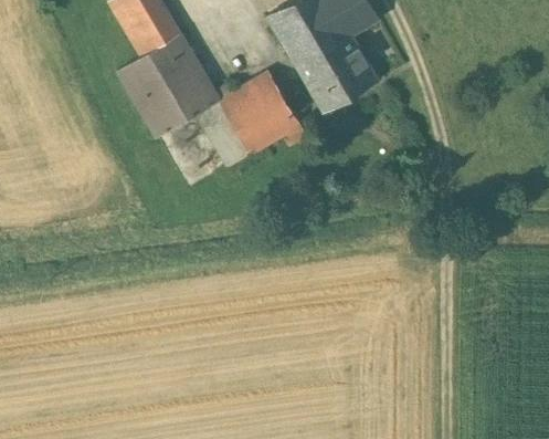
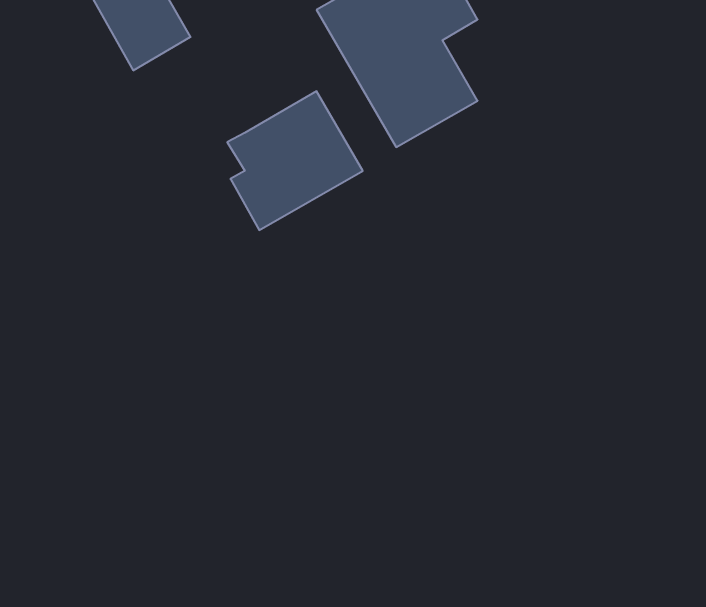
building: [118,34,218,136] -> none

